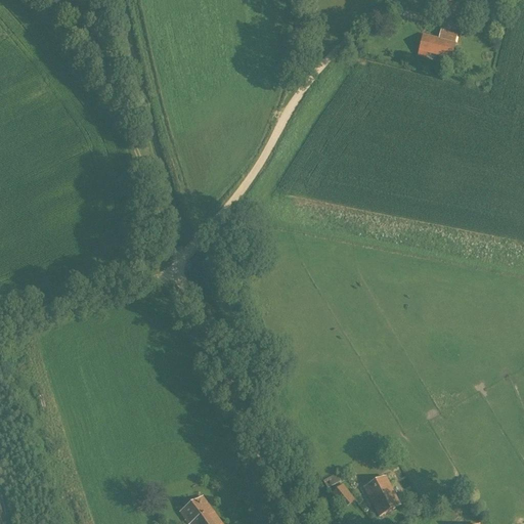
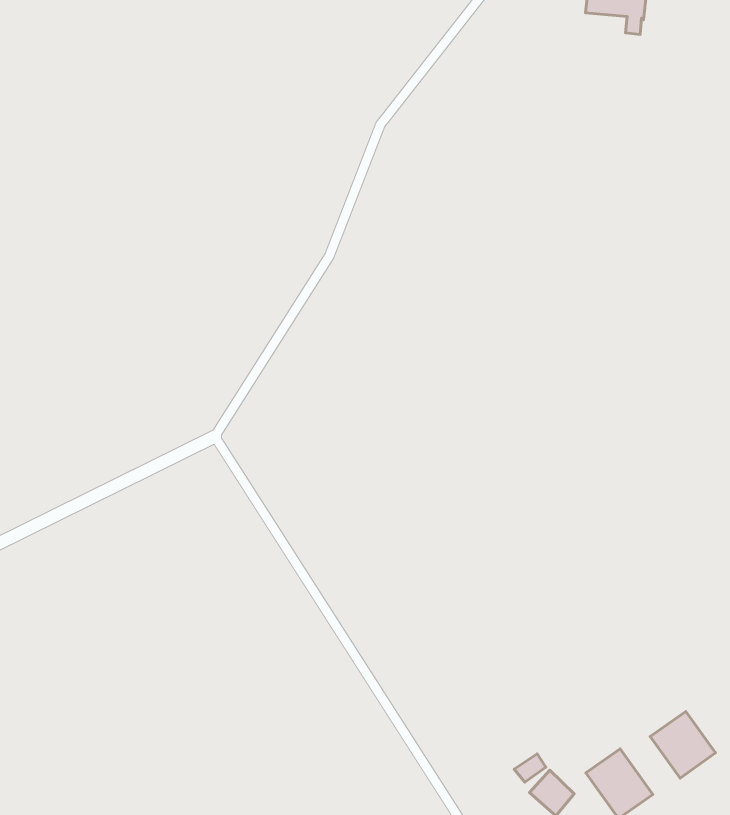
building: none -> [650,711,716,778]

